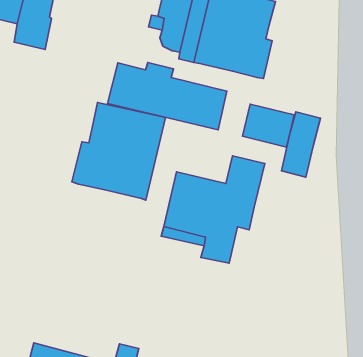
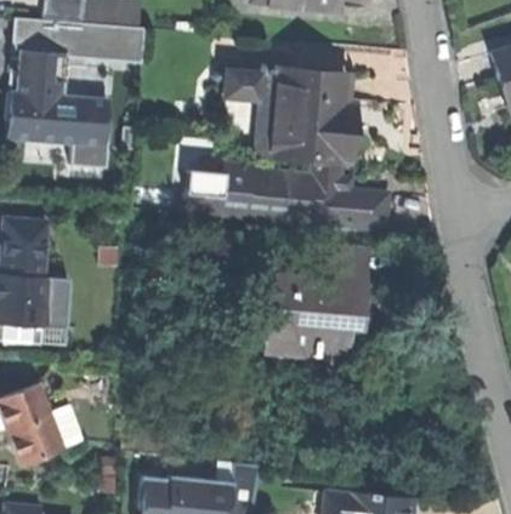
building: [72,103,165,200] -> none
building: [281,112,320,177] -> [310,154,342,223]

